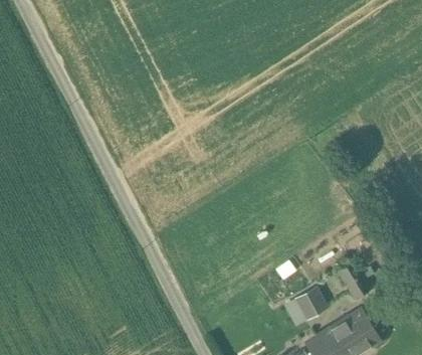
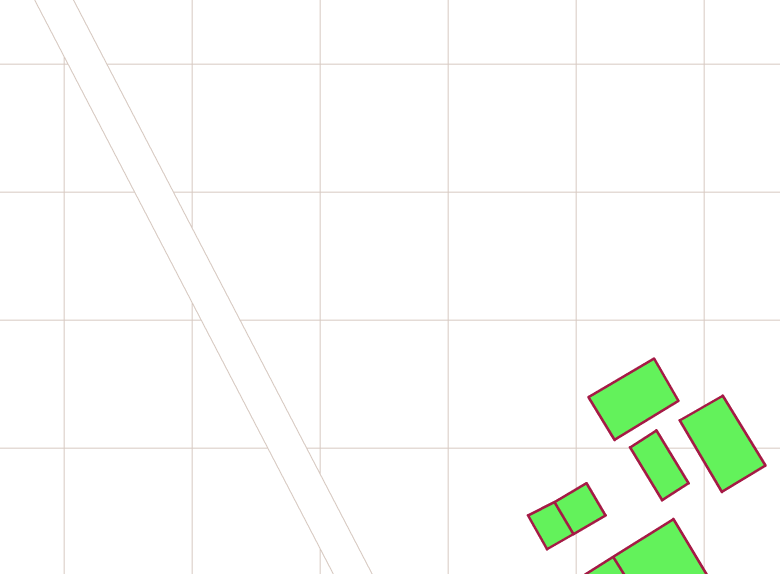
building: none -> [589,359,678,440]
building: none -> [680,396,765,492]

